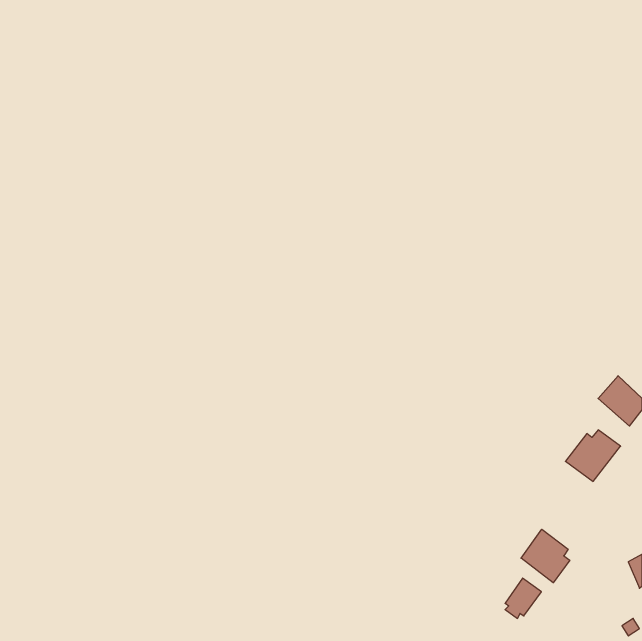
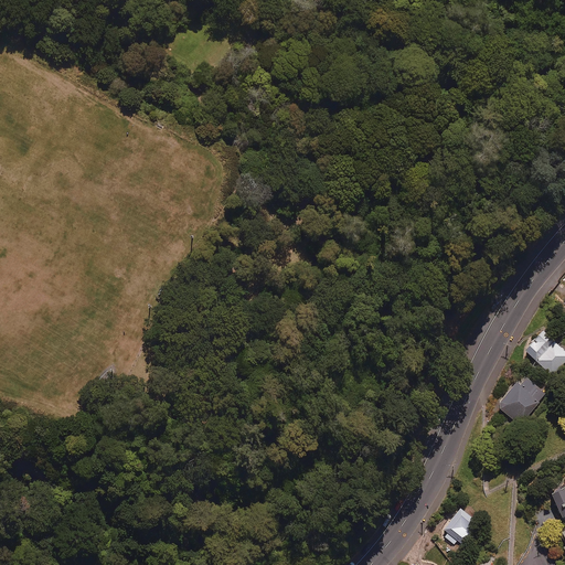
building: [521,529,570,583] -> none

